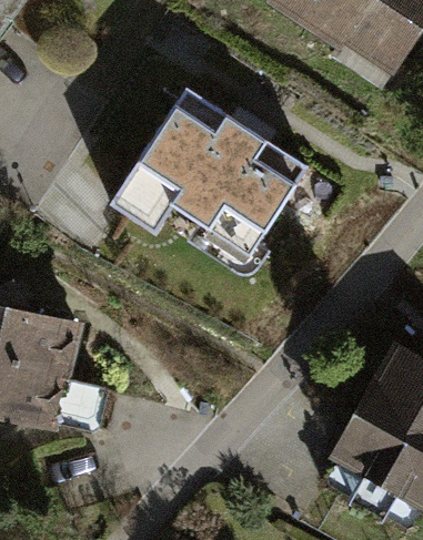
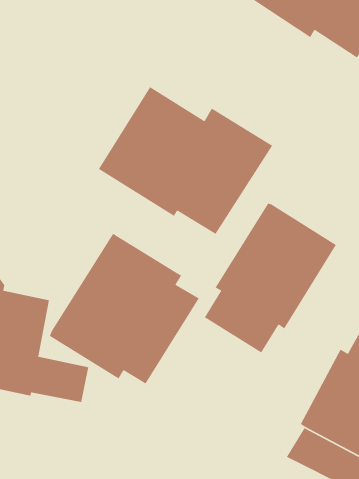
building: none -> [204,203,337,354]
building: none -> [49,233,200,385]

